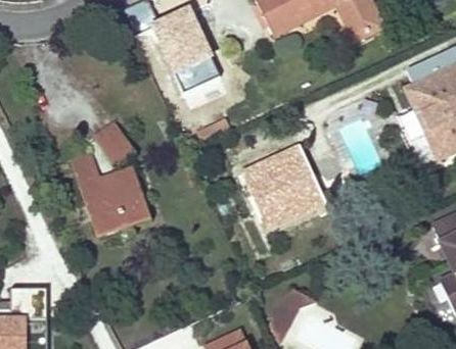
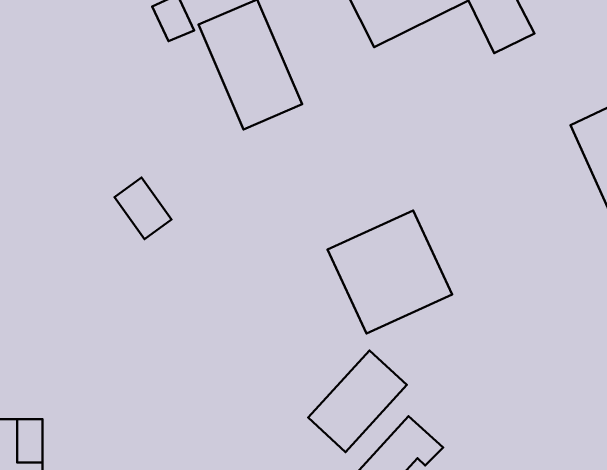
building: [71,152,149,240] -> none
building: none -> [308,350,407,452]

